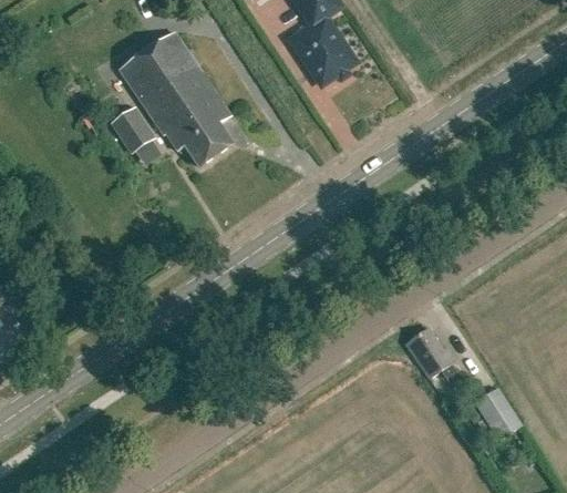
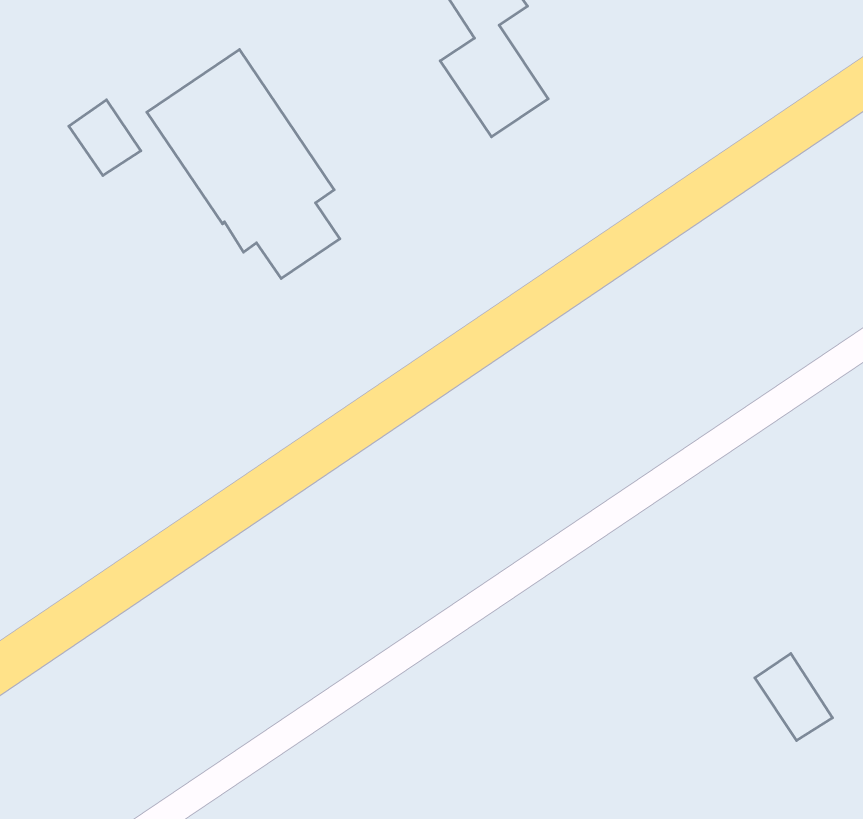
building: [112,107,154,152] -> [69,100,141,176]
building: [405,328,461,384] -> none

